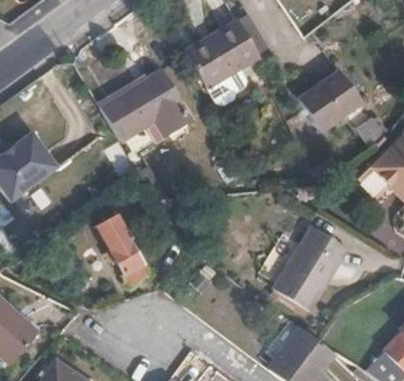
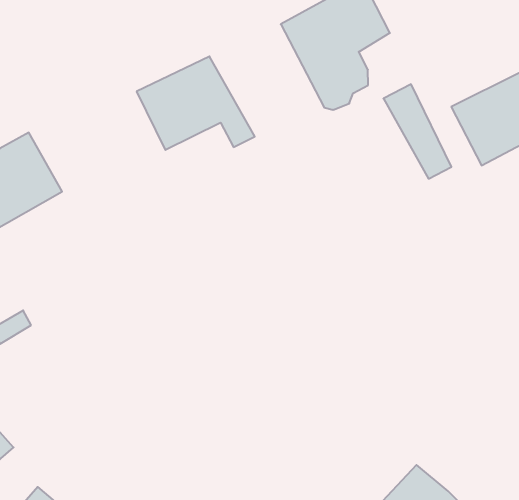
building: [141,62,189,123] -> [383,84,451,179]
building: [96,215,148,284] -> none
building: [275,223,353,309] -> none

